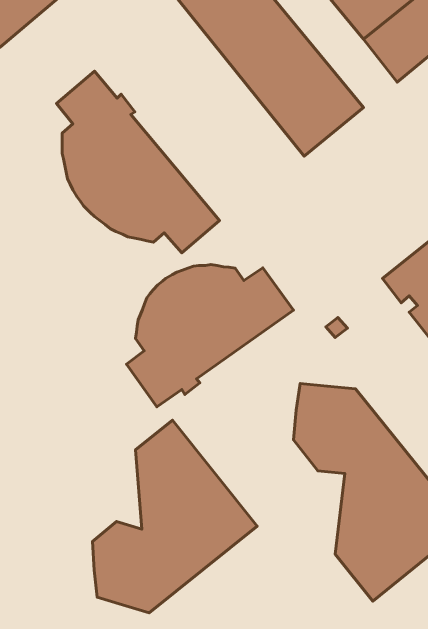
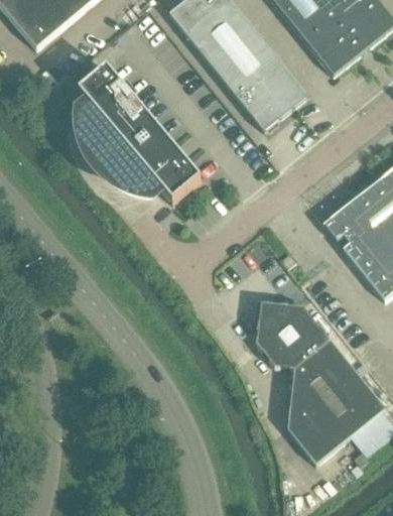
building: [126,265,293,407] -> none
building: [93,420,257,613] -> none

